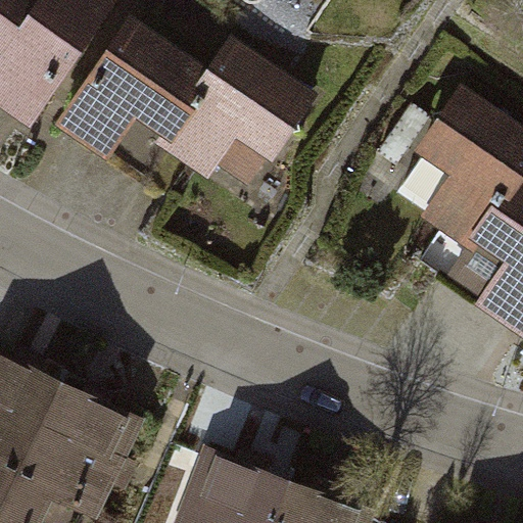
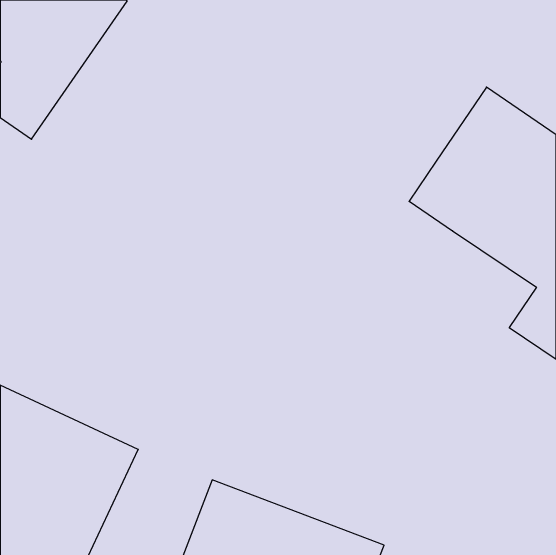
building: [58,15,315,176] -> none

